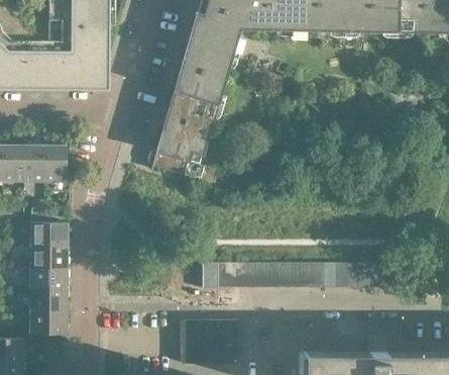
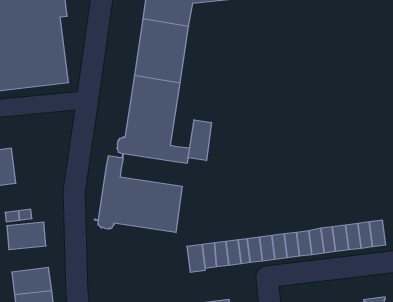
building: none -> [188,120,211,161]
building: [45,147,67,181] -> none
building: none -> [94,156,182,233]
building: [30,245,67,267] -> none

